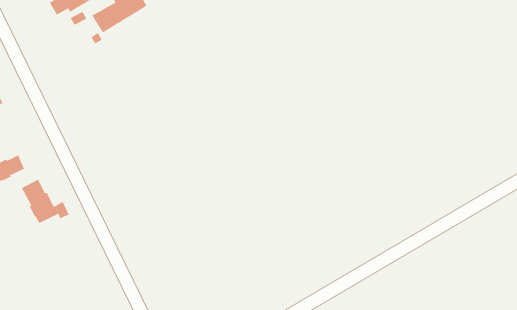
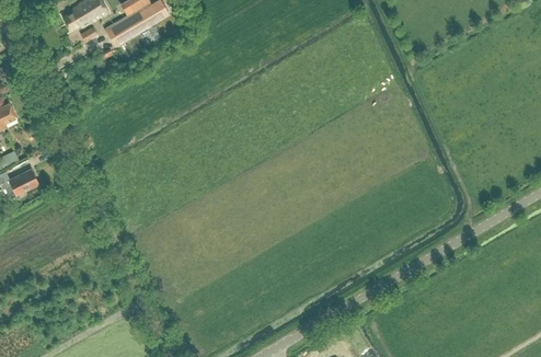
building: [21,179,70,224] -> none

